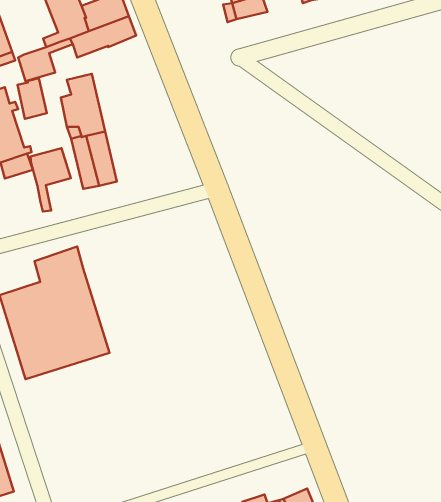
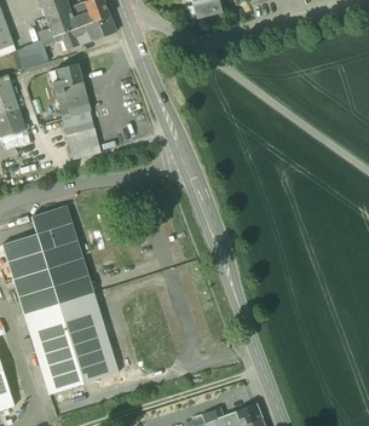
building: [17,78,47,119] -> none
building: [31,148,71,212] -> none
building: none -> [24,292,119,395]

